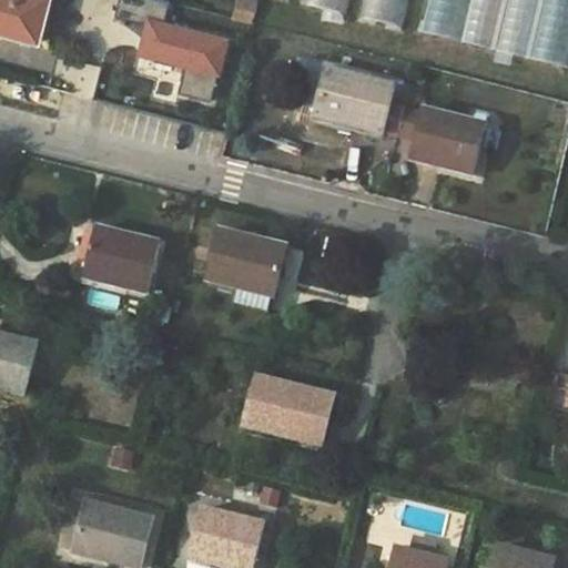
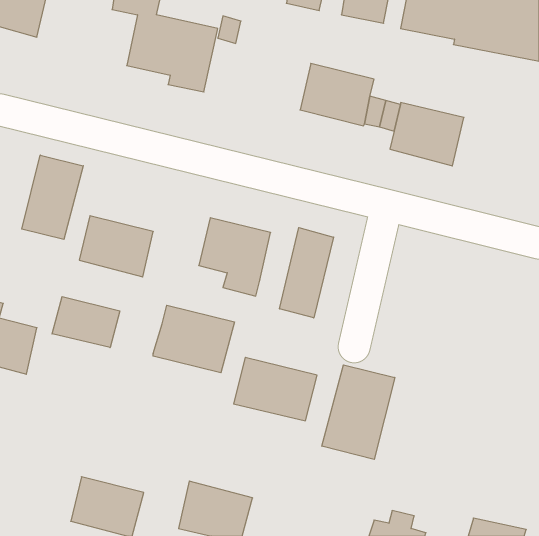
building: none -> [22,155,83,239]
building: none -> [280,228,334,318]
building: none -> [52,297,120,348]
building: none -> [153,305,234,373]
building: none -> [322,365,395,459]

